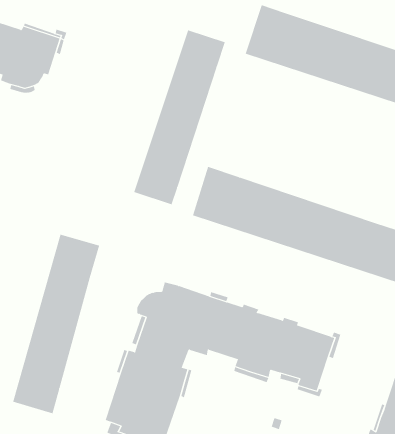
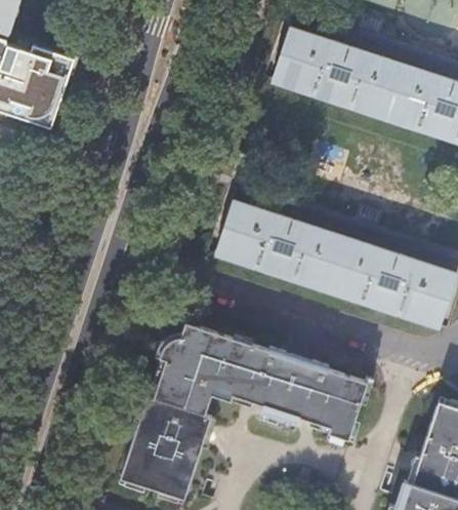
building: [133,30,226,205] -> none
building: [12,234,100,414] -> none

